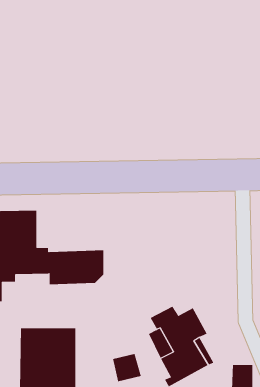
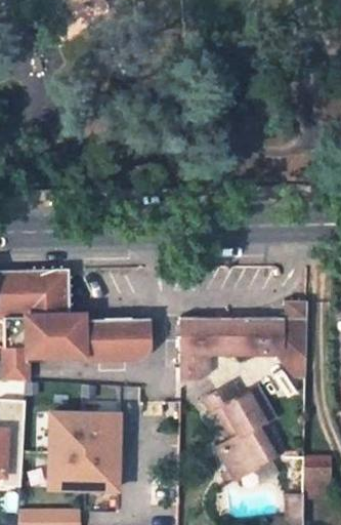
building: none -> [181,304,308,379]
building: [112,353,141,382] -> none

